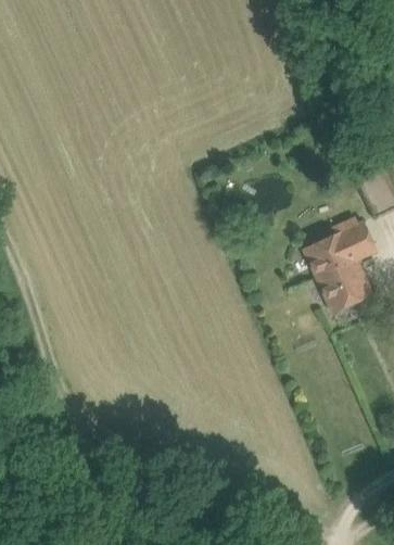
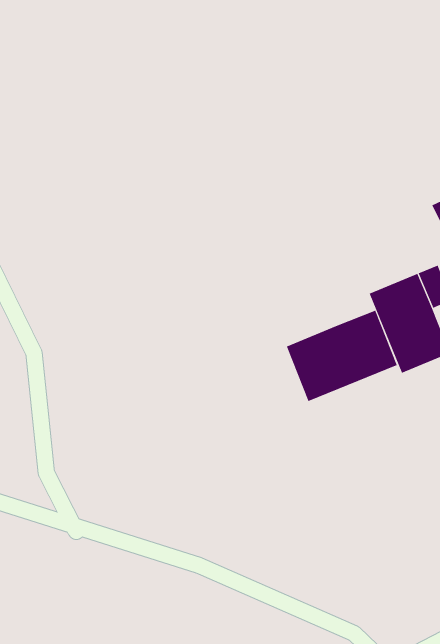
building: none -> [286,310,398,402]

